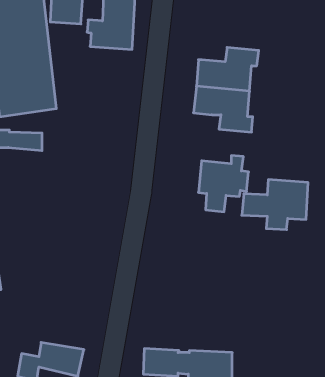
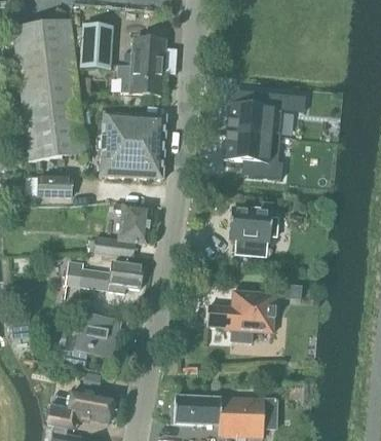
building: none -> [100,111,167,179]
building: none -> [94,203,152,258]
building: [242,180,308,230] -> [207,291,274,341]
building: none -> [65,259,143,292]
building: none -> [54,311,122,363]

